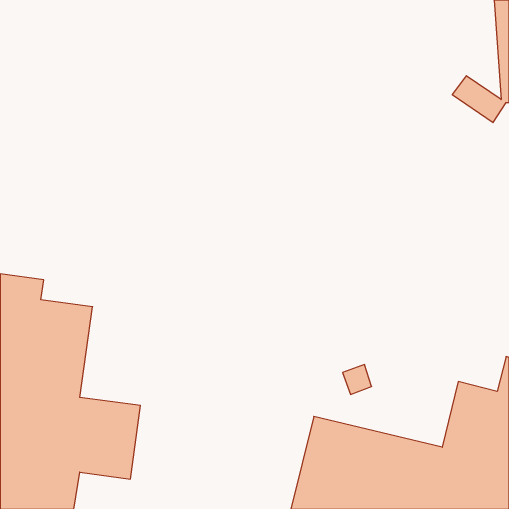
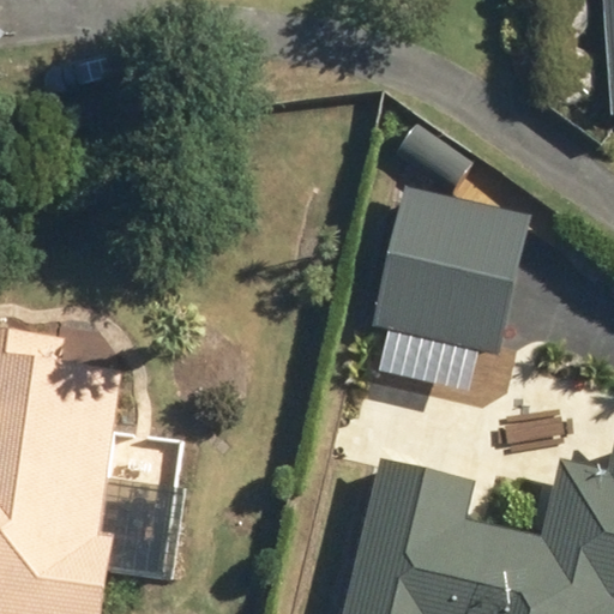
building: none -> [384,197,530,343]

